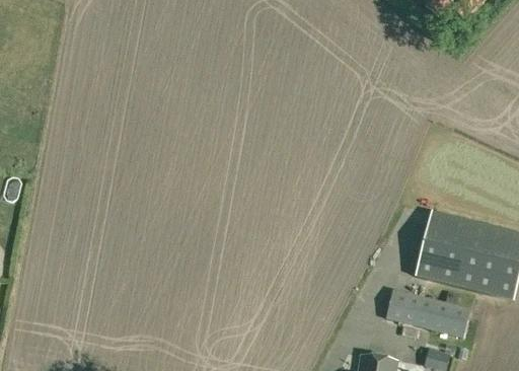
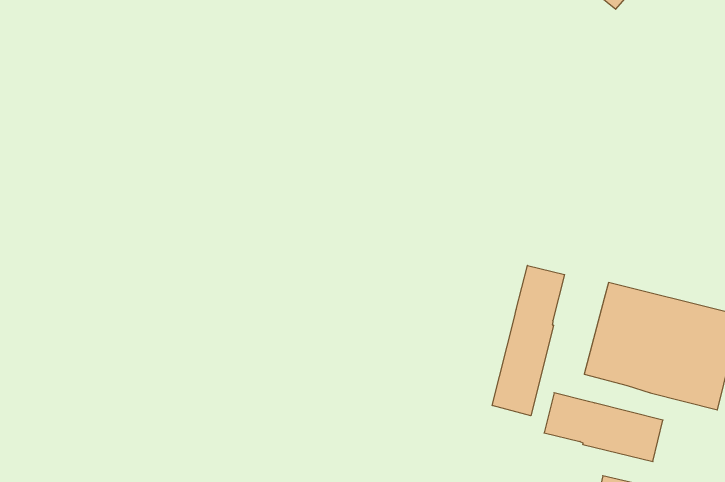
building: none -> [492,265,565,416]

